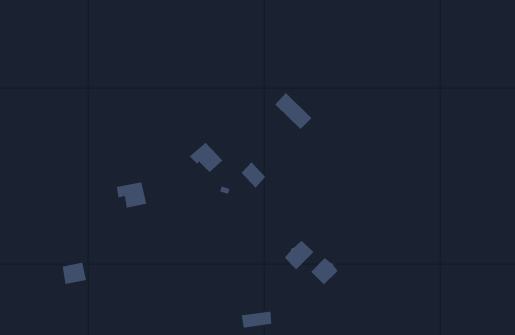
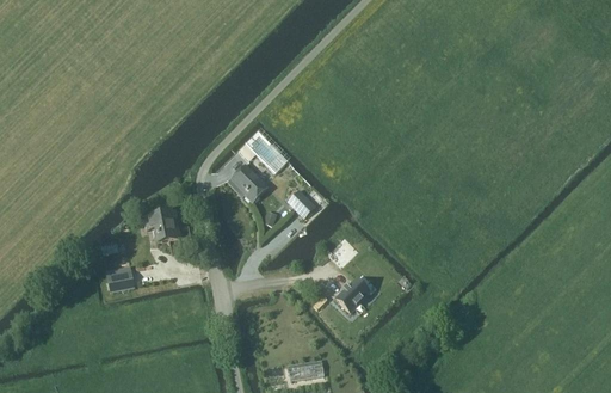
building: [274,92,312,130] -> [246,130,289,173]
building: [310,257,338,285] -> none
building: [62,262,87,285] -> [106,265,135,291]

